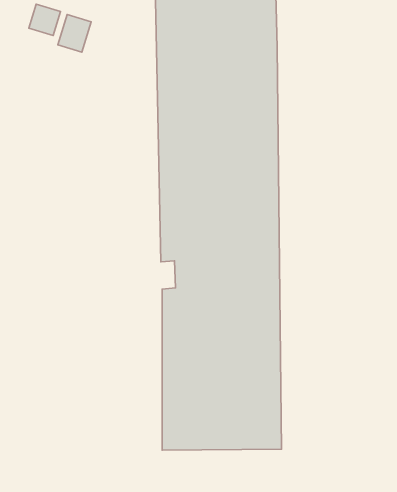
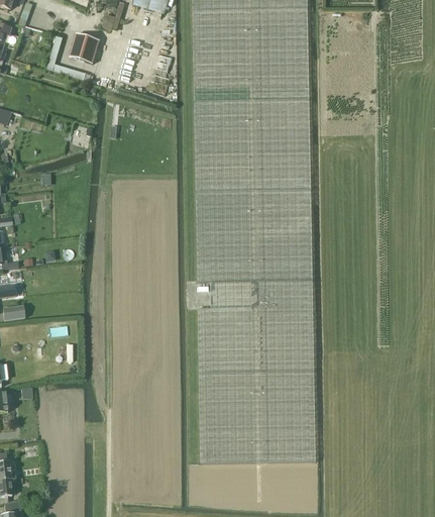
building: [58,15,91,52] -> none

